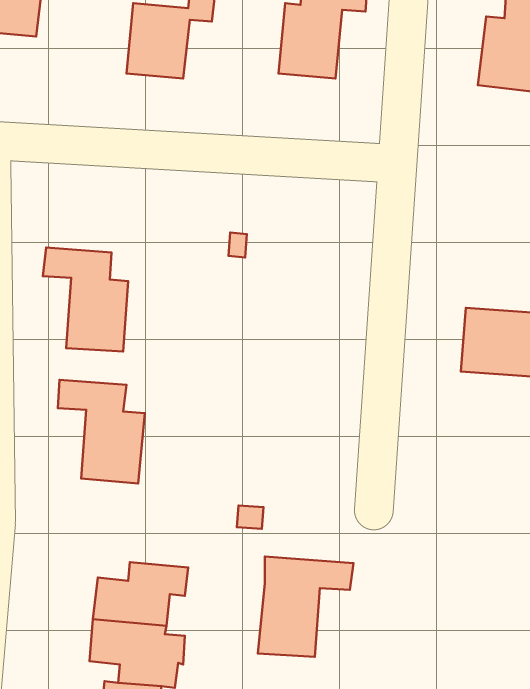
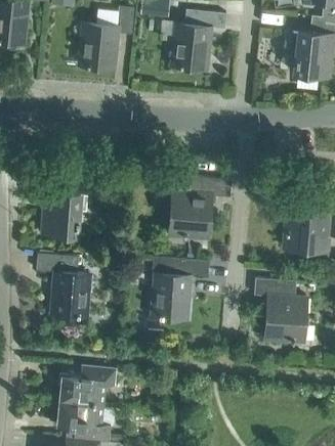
building: none -> [166,175,232,239]
building: none -> [254,280,307,343]
building: [258,556,353,657] -> [152,259,210,320]

